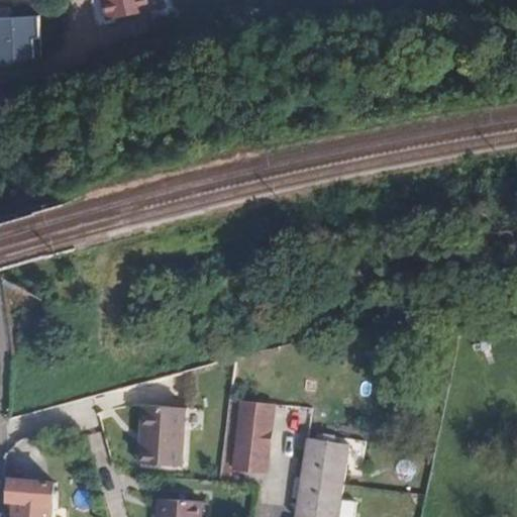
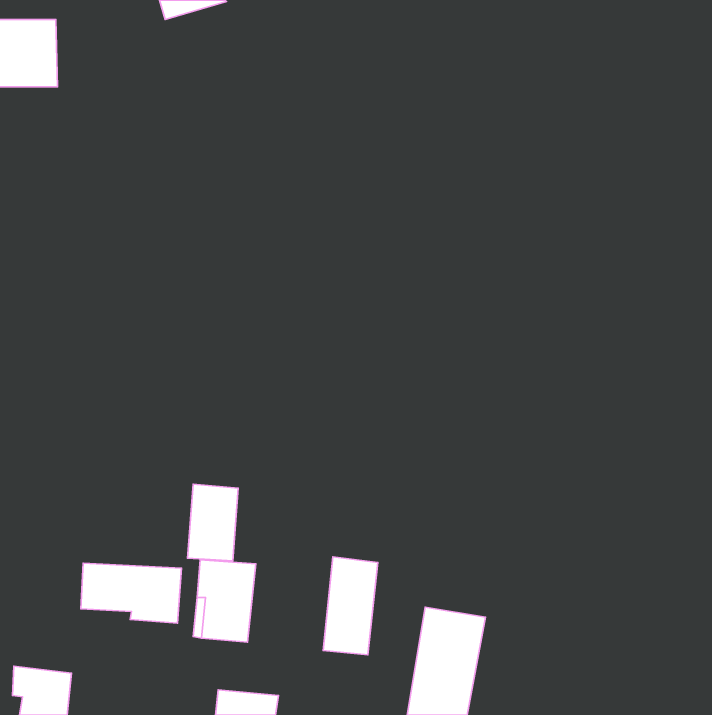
building: none -> [188,484,238,561]
building: none -> [81,563,181,623]

